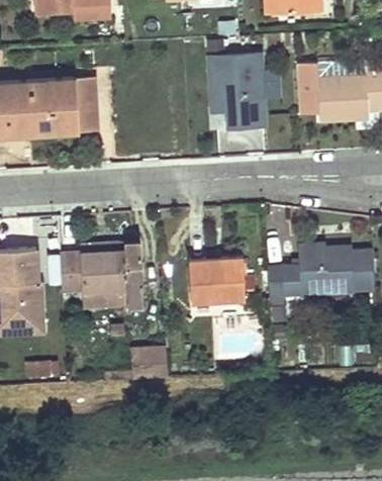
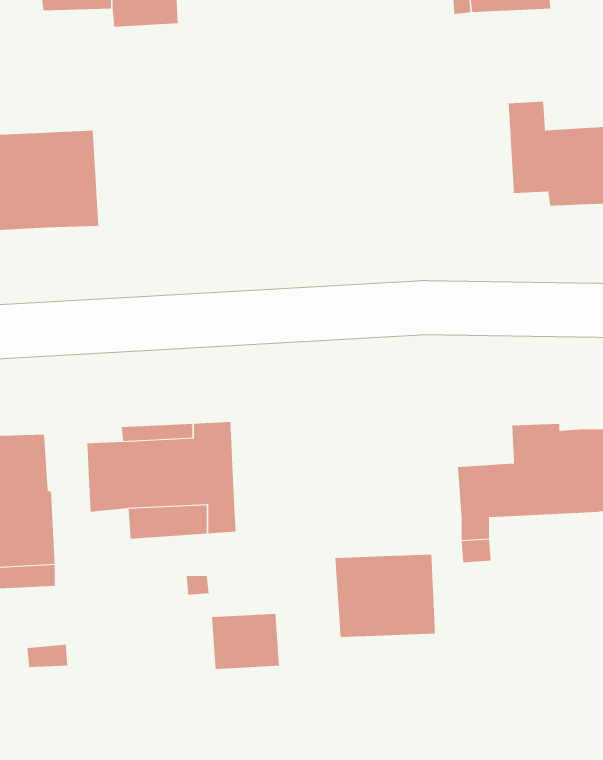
building: [211,55,264,126] -> none
building: [65,77,99,132] -> none
building: [188,256,245,302] -> [334,554,436,637]

